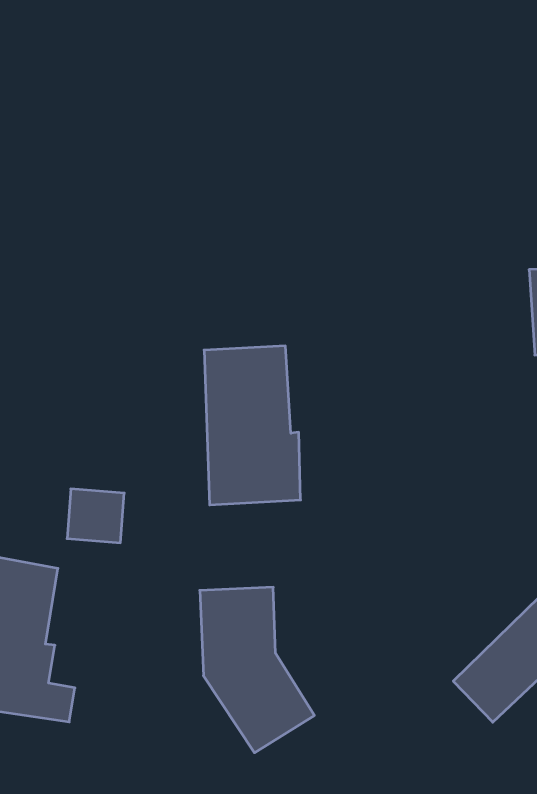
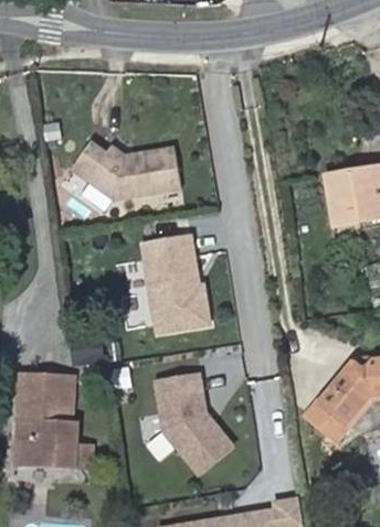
building: none -> [71,141,181,198]

